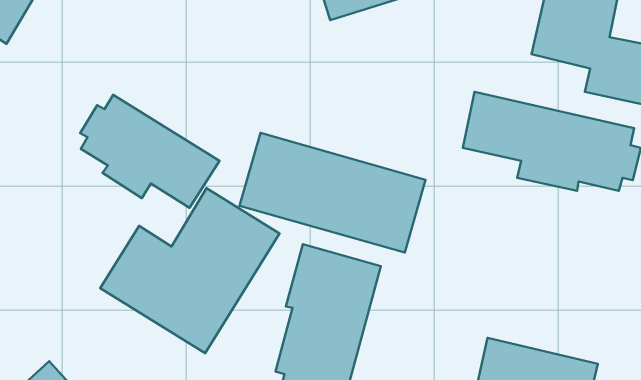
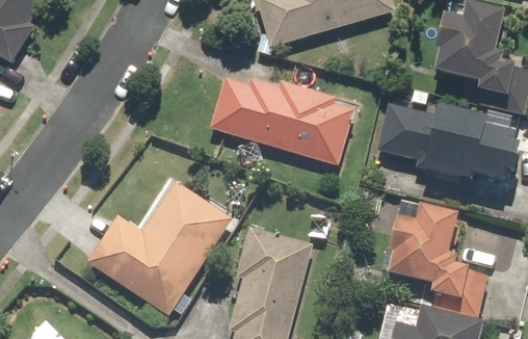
building: [80,95,220,208] -> none
building: [240,133,426,253] -> [207,68,355,163]
building: none -> [385,202,487,316]

